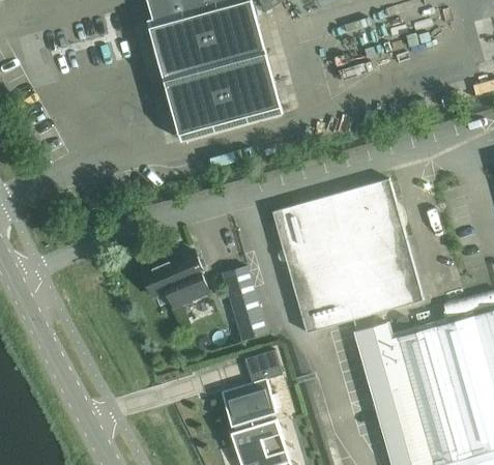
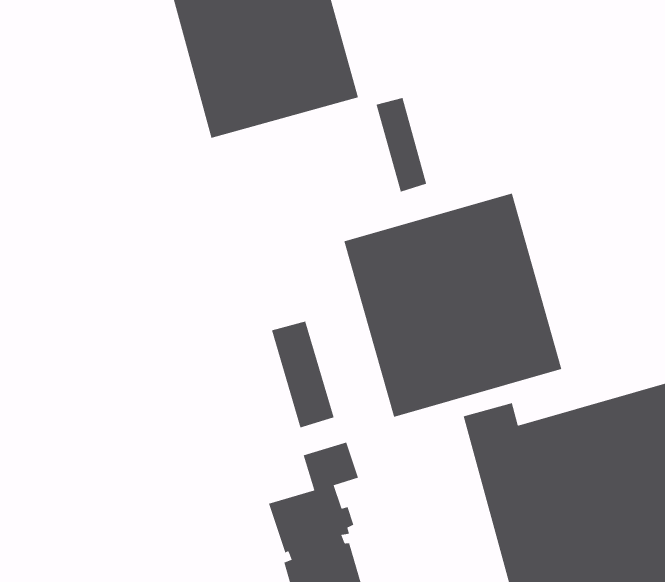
building: none -> [376,97,427,193]
building: [143,251,208,307] -> none

